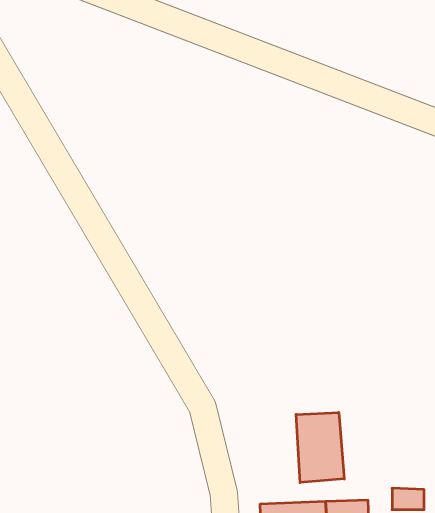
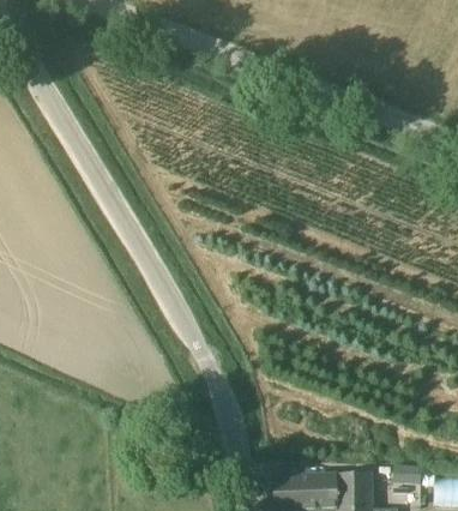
building: [296,412,344,483] -> none

